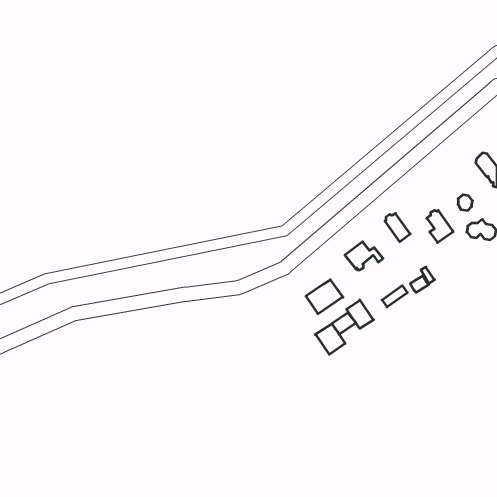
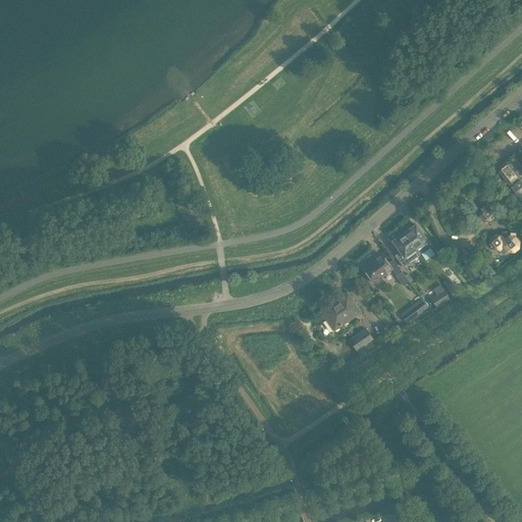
building: [427,210,453,243] -> [390,231,418,265]
building: [347,300,374,328] -> none
building: [315,324,345,354] -> none

